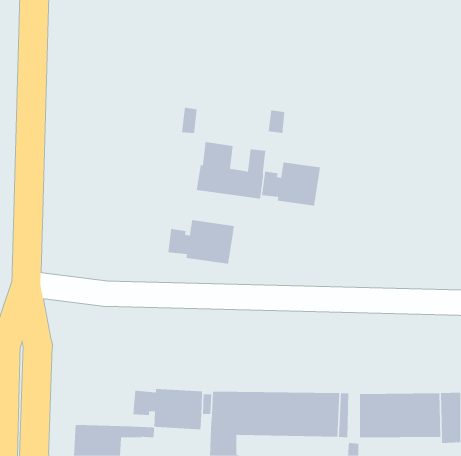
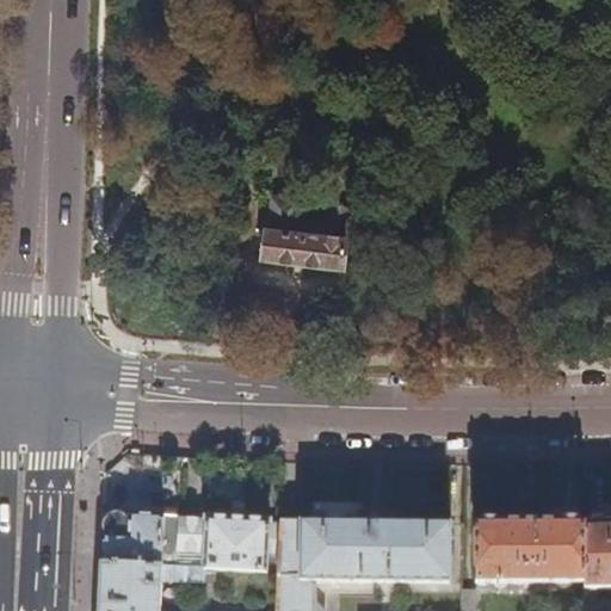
building: [261,161,320,206] -> none
building: [168,219,234,265] -> none
building: none -> [99,510,178,564]

